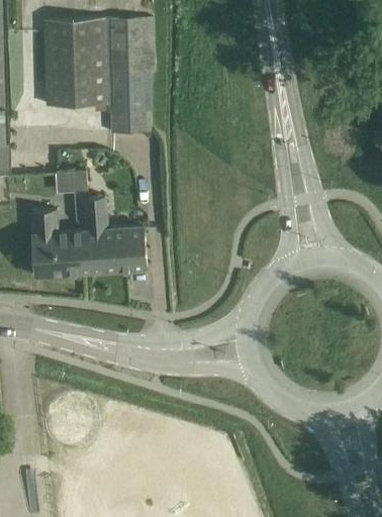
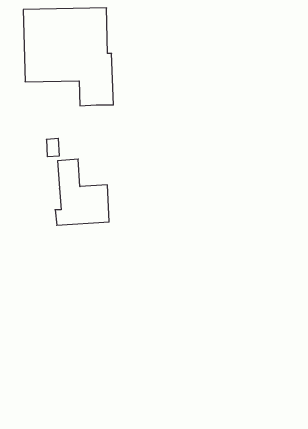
building: [31,210,89,277] -> none

